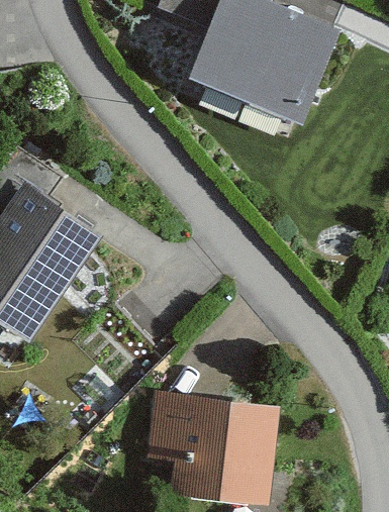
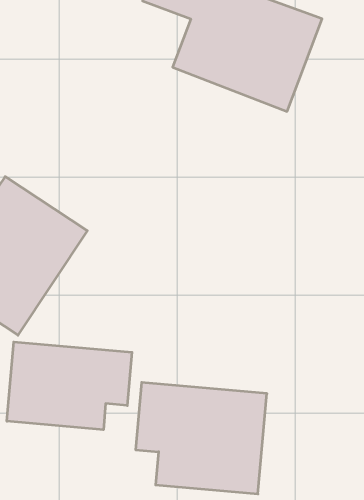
building: none -> [7,342,132,430]

